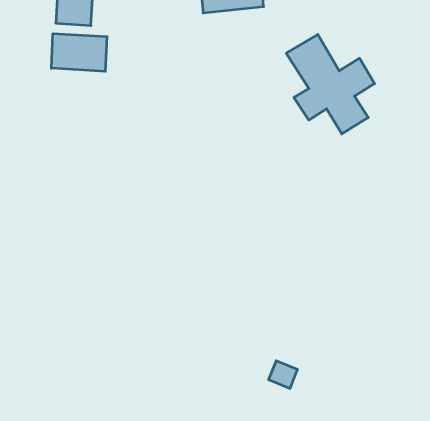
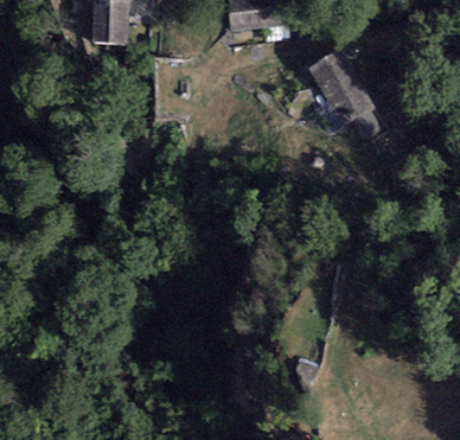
building: [51,34,107,71] -> none

